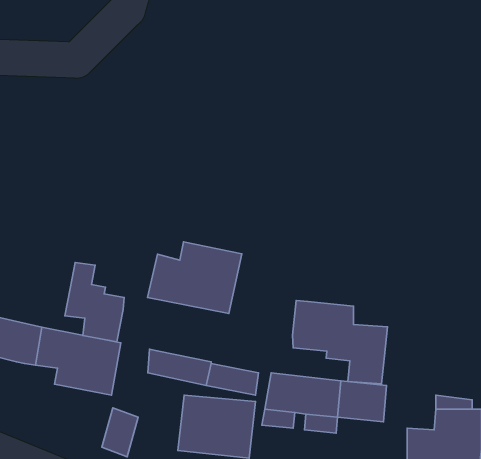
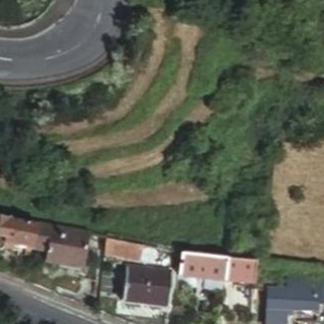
building: [148,242,242,314] -> none
building: [65,263,124,342] -> none
building: [292,300,388,384] -> none

